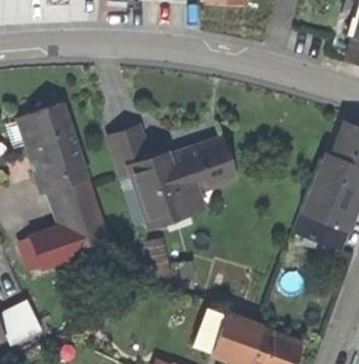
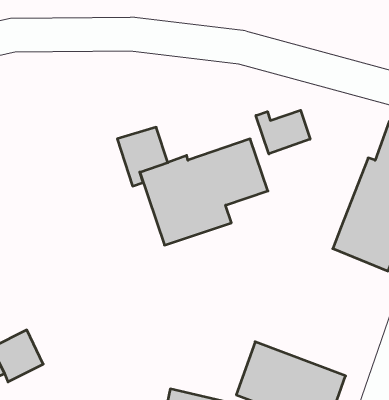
building: [19,102,109,271] -> none
building: none -> [256,110,310,154]

